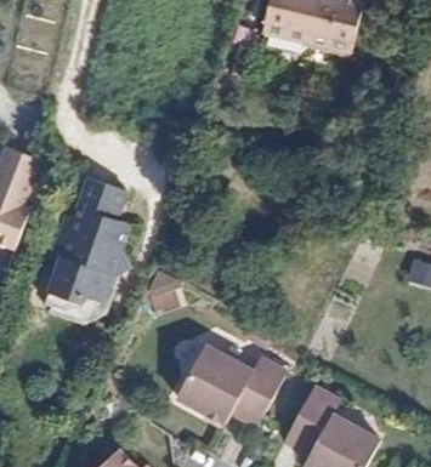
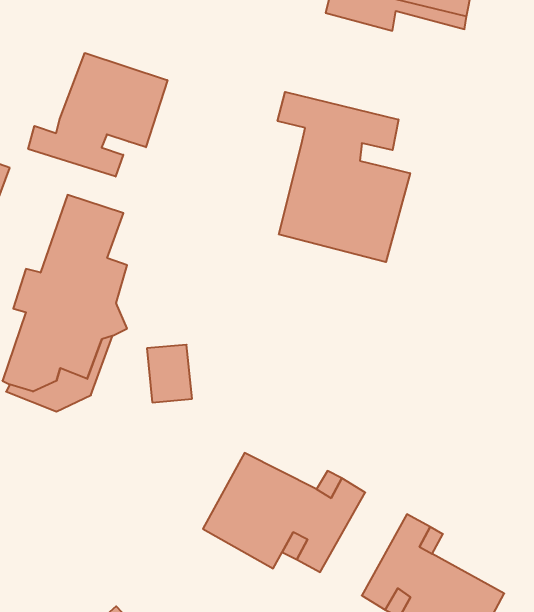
building: none -> [28,53,167,177]
building: none -> [278,92,410,262]

